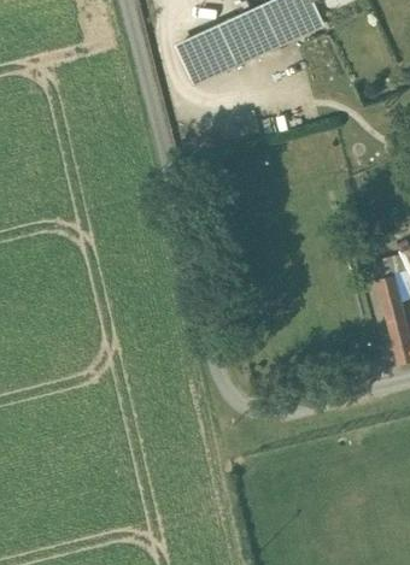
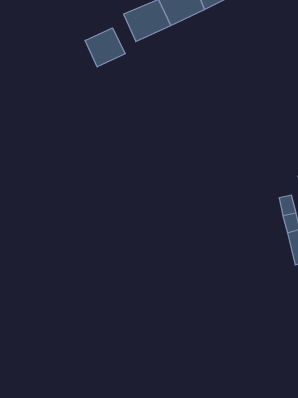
building: none -> [85,28,125,67]

